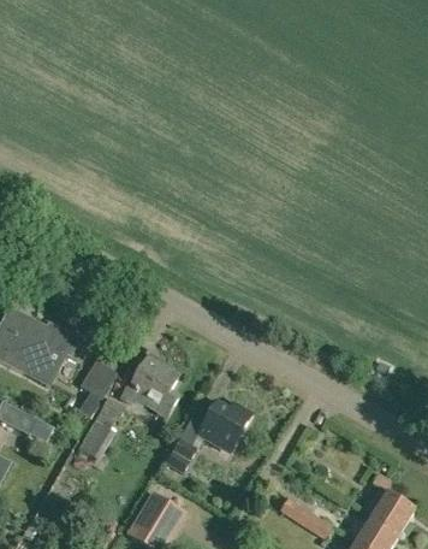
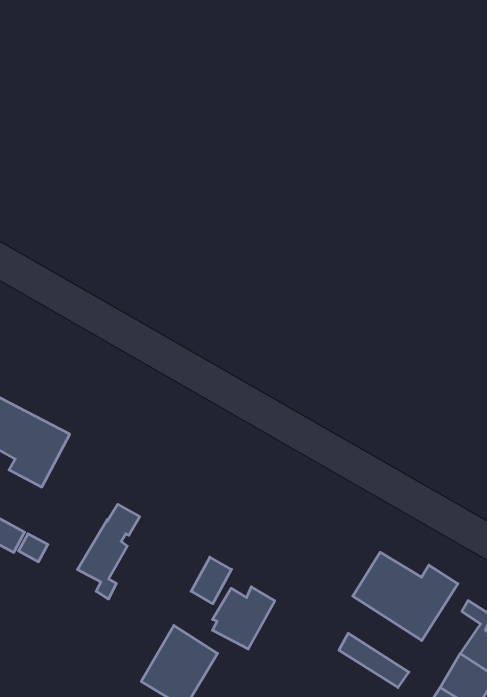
building: [119,354,178,414] -> none
building: [77,359,115,417] -> none
building: [201,401,249,449] -> [212,587,275,649]
building: none -> [353,552,458,641]

